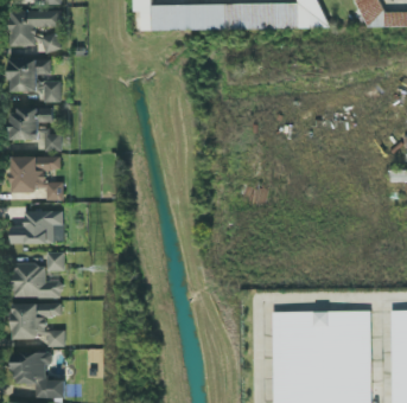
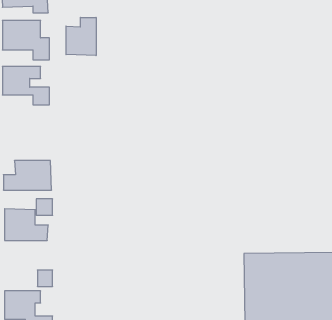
building: none -> [66,17,96,56]
building: [12,156,63,200] -> none
building: [12,302,61,338] -> none

